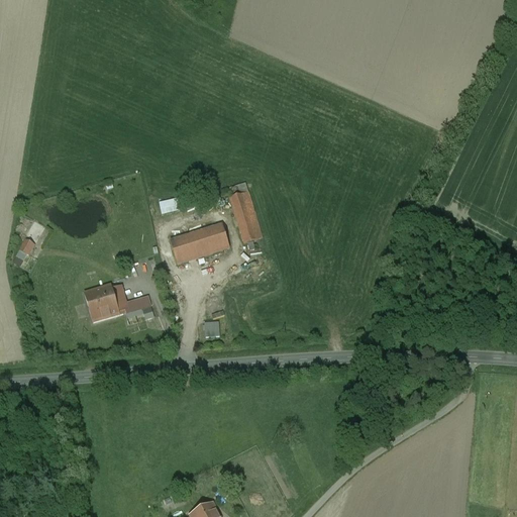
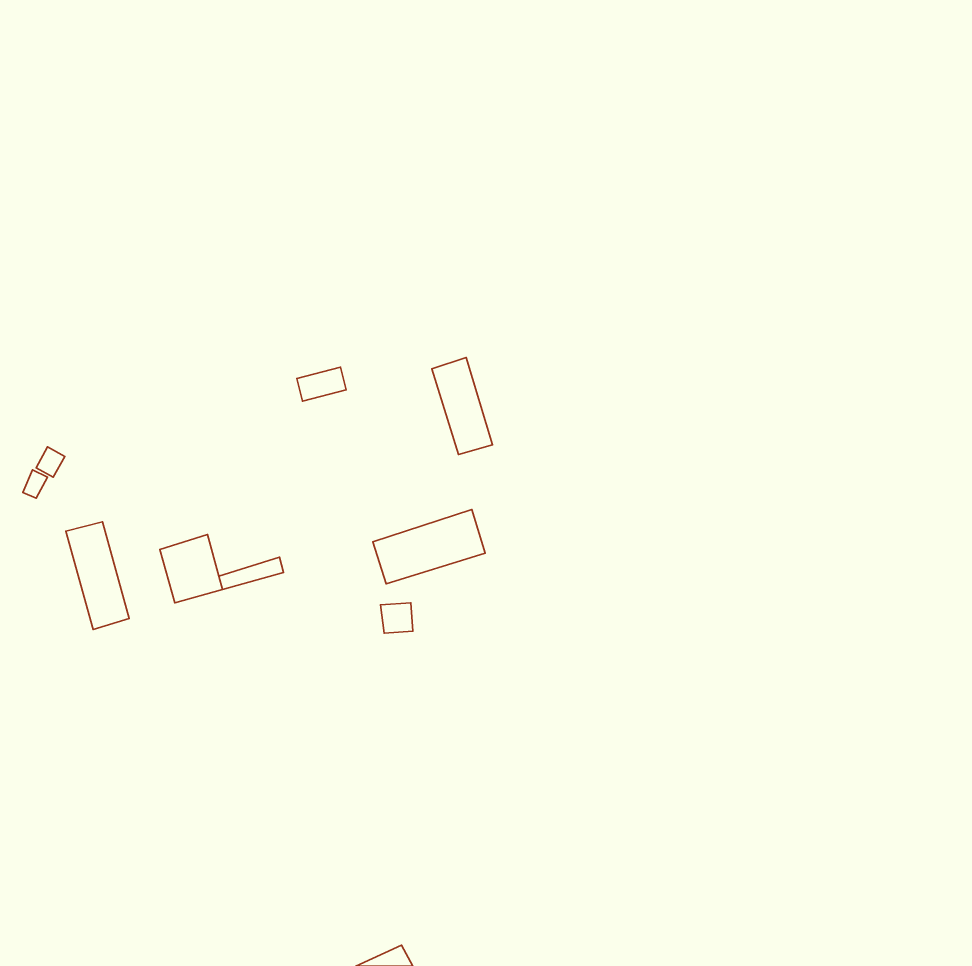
building: [170,223,229,263] -> [373,510,485,584]
building: none -> [66,522,129,629]

